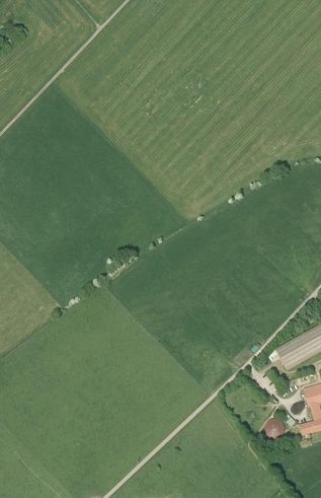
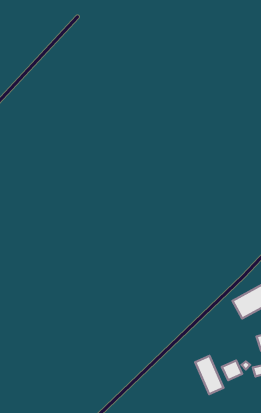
building: none -> [195,356,224,394]

